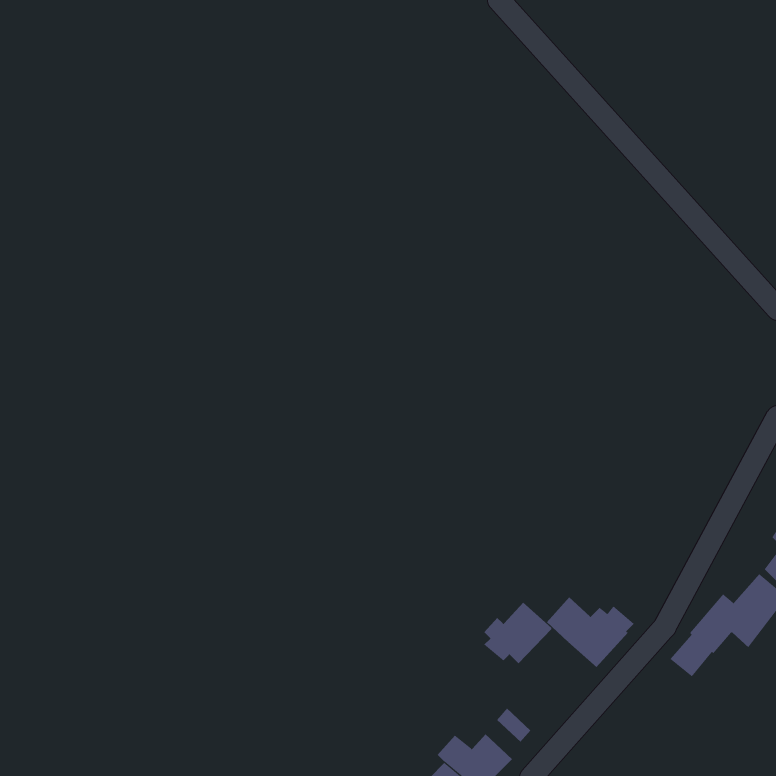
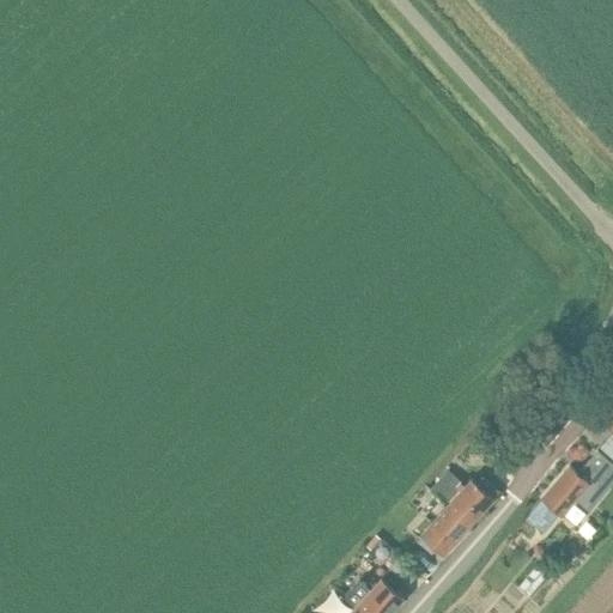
building: [484,602,552,664] -> [417,506,471,556]

